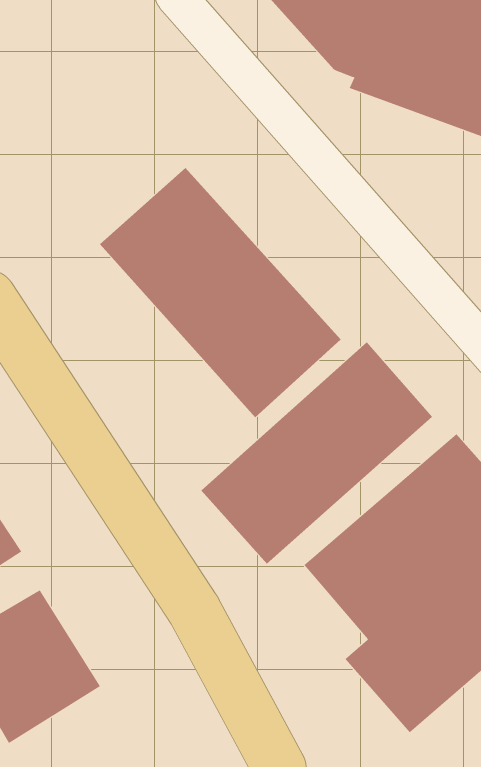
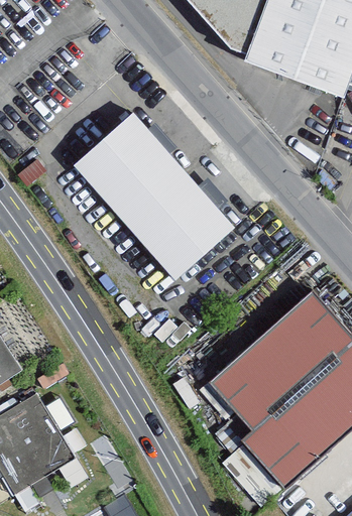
building: [201,341,433,564] -> none

